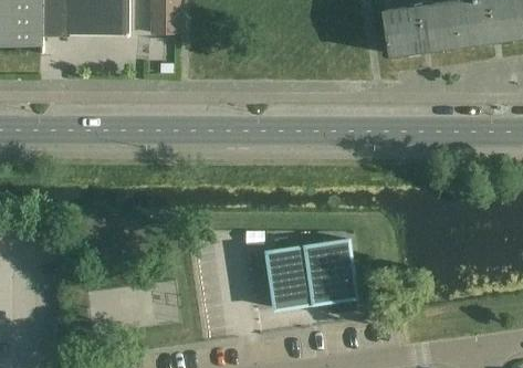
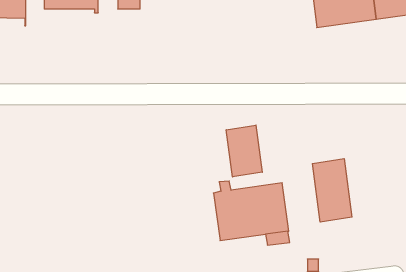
building: none -> [226,125,262,177]
building: none -> [312,159,352,222]

